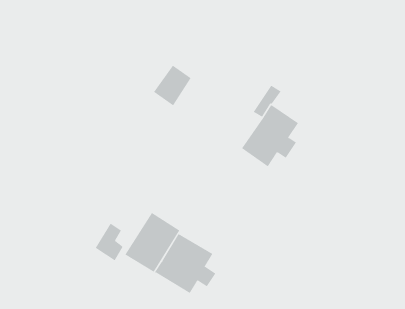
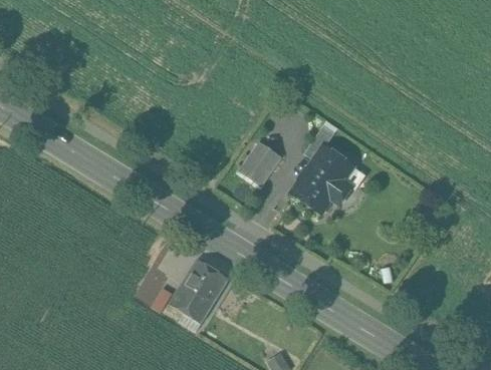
building: [153,65,192,106] -> [240,141,280,184]
building: [154,233,216,294] -> none

